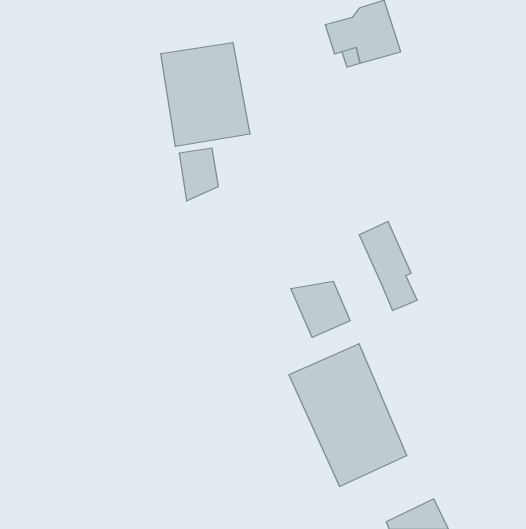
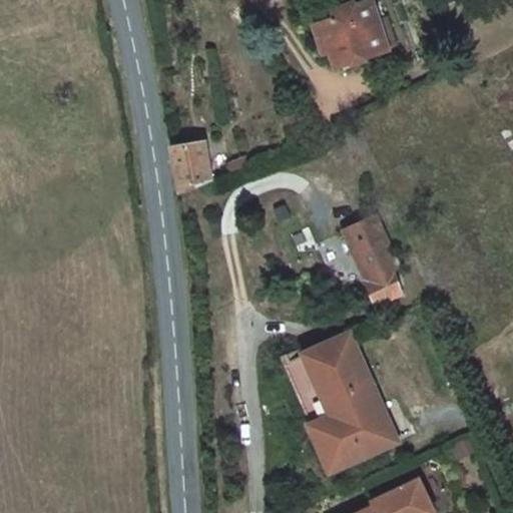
building: [161,42,250,147] -> none
building: [291,281,350,337] -> none

